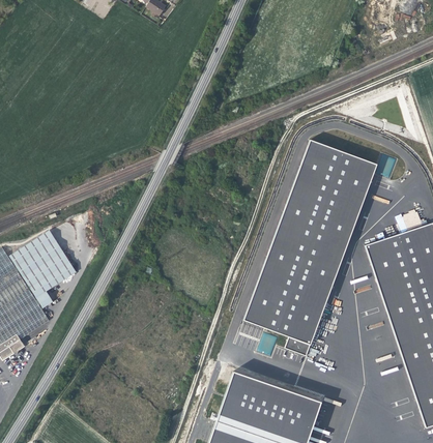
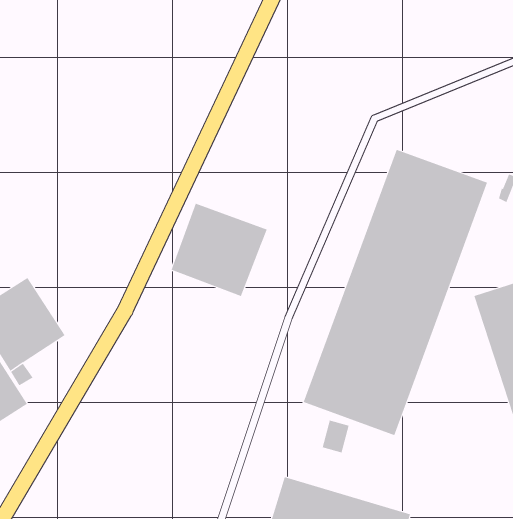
building: none -> [171,203,267,297]

